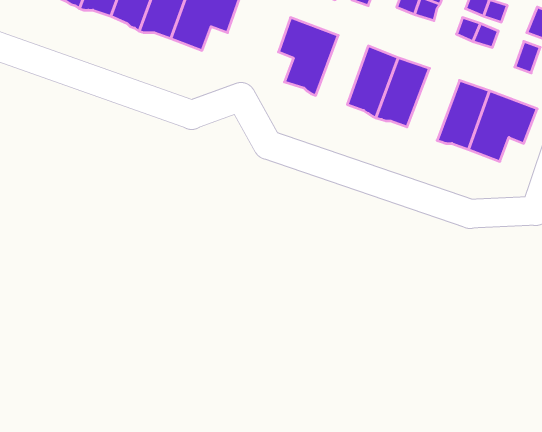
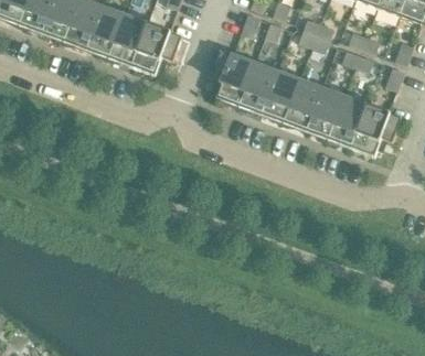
building: none -> [238,63,277,114]
building: none -> [306,87,344,140]

